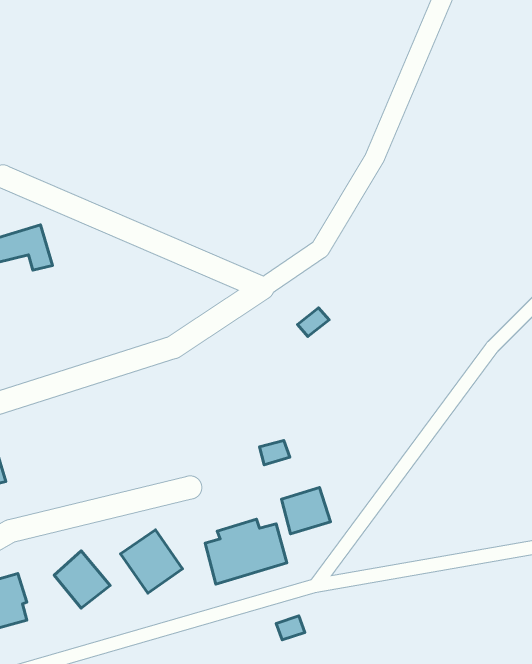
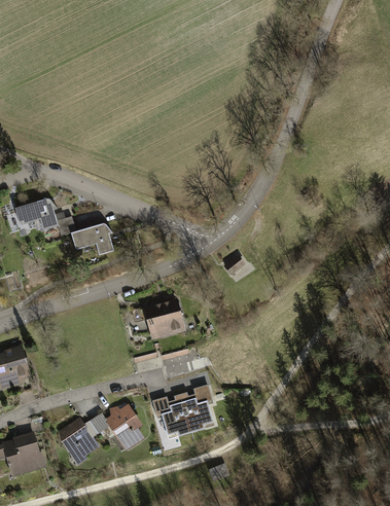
building: none -> [70,221,114,254]
building: none -> [142,300,184,339]
building: [281,488,330,534] -> none

